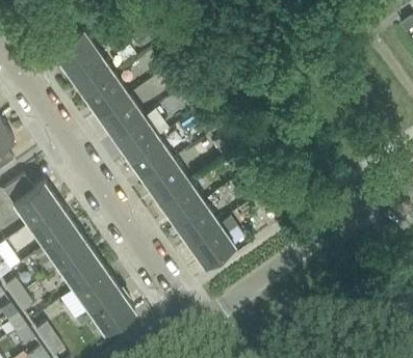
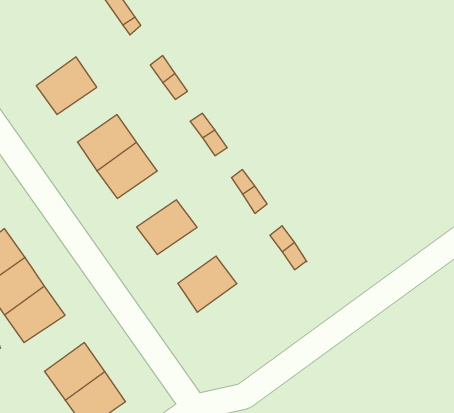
building: [52,31,97,74] -> none
building: [82,75,128,116] -> none
building: [128,138,173,181] -> none
building: [158,181,203,223] -> none
building: [188,223,234,267] -> none
building: [57,247,103,290] -> none

